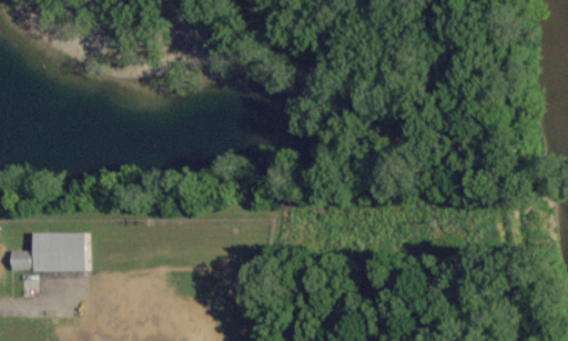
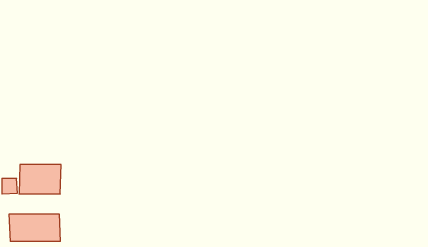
building: none -> [9,214,60,241]

